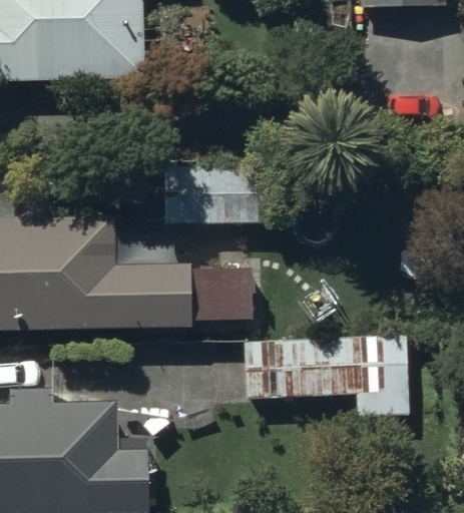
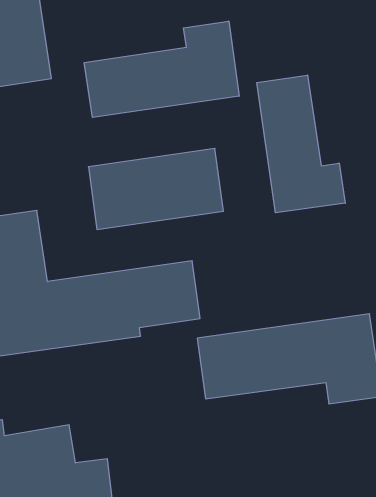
building: none -> [84,21,239,117]
building: none -> [257,75,345,213]

